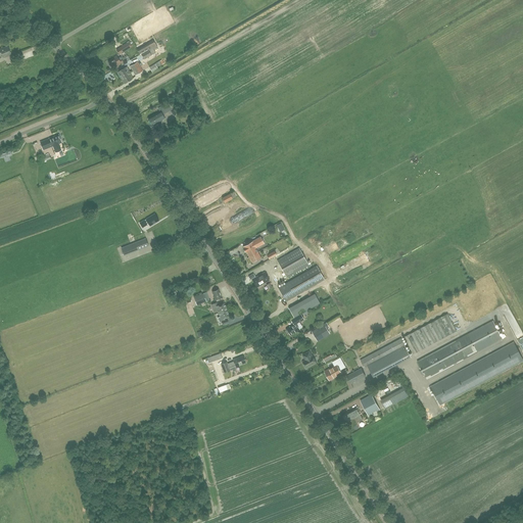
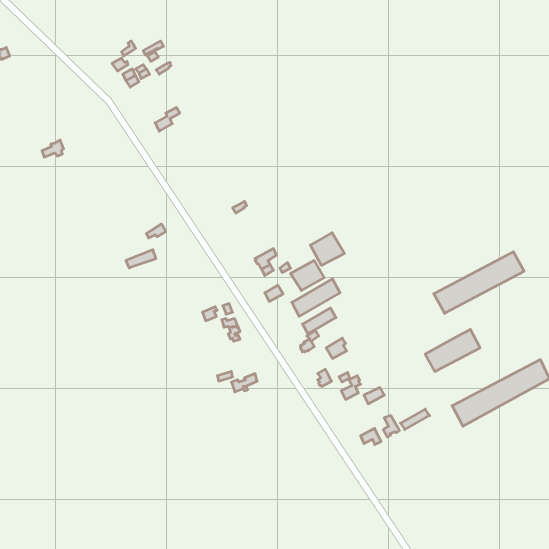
building: none -> [310,233,344,265]
building: [416,320,502,378] -> [434,252,524,313]
building: [360,337,410,376] -> none

